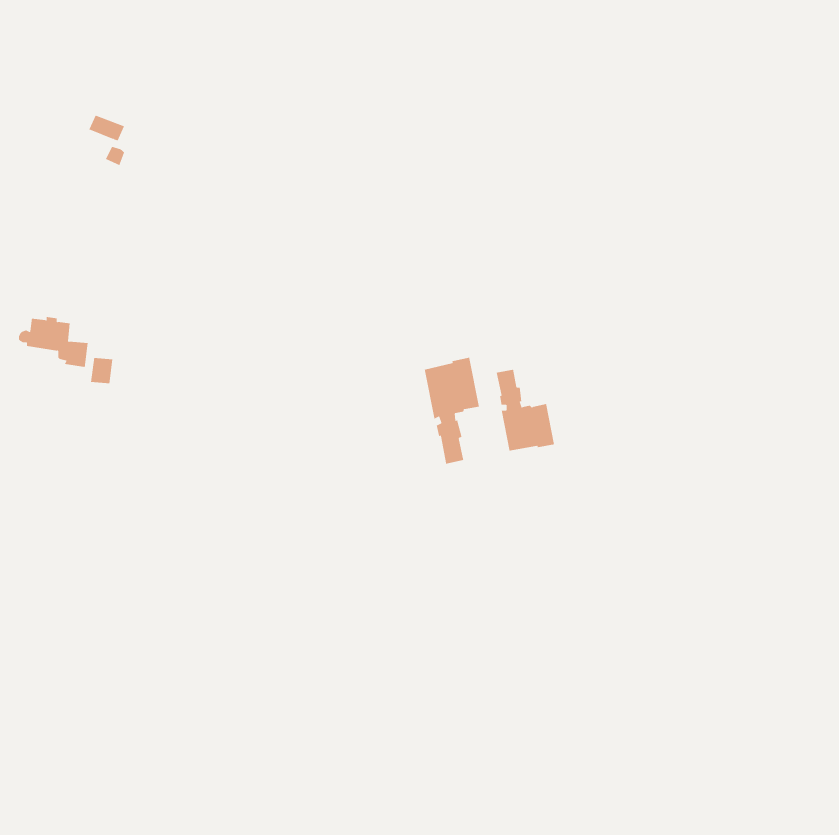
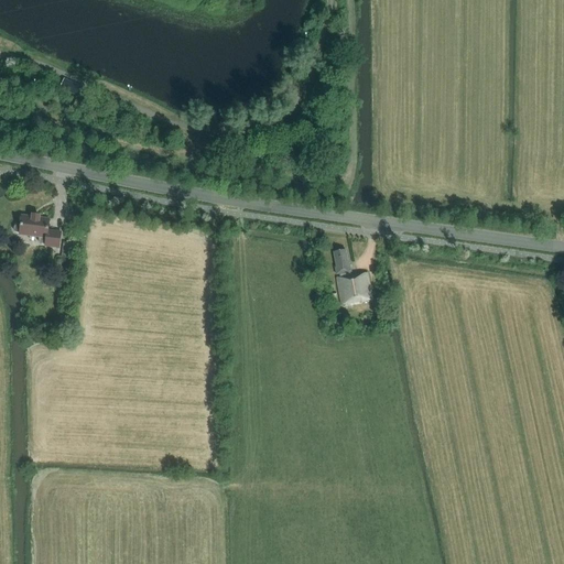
building: [424,357,480,465] -> none

